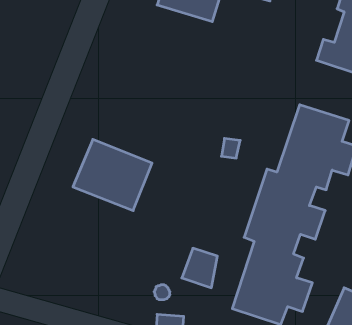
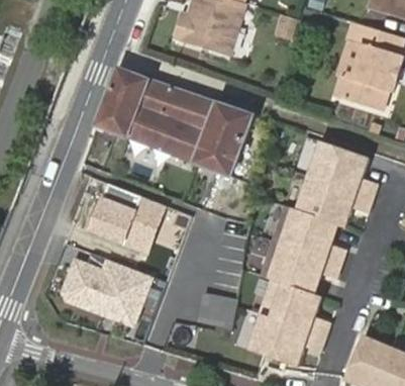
building: none -> [97,70,249,175]
building: none -> [59,254,156,327]

